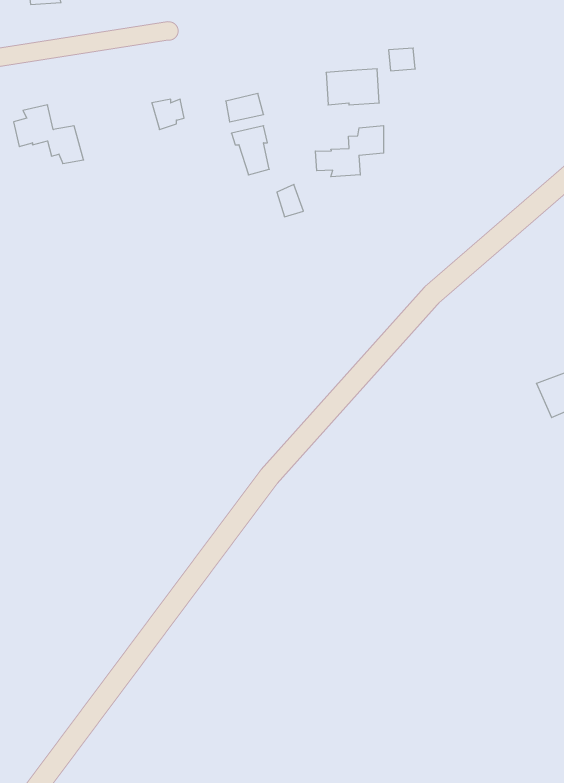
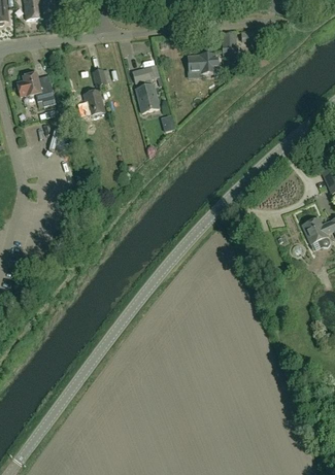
building: [315,126,384,177] -> none
building: none -> [83,89,105,118]

